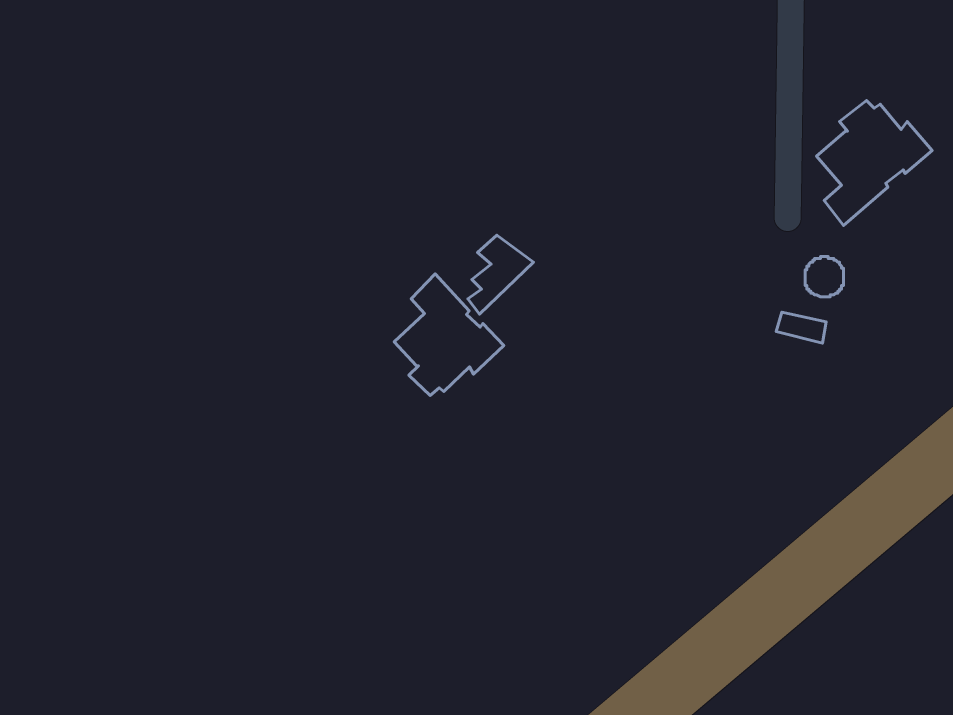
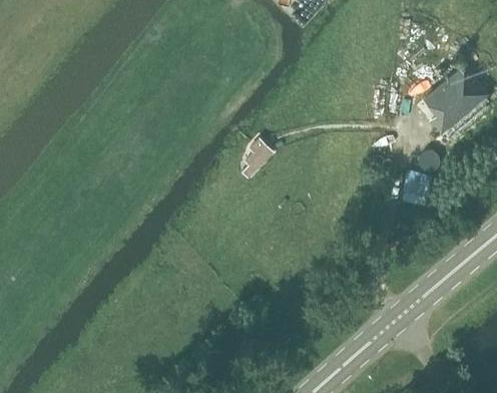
building: [394,274,504,395] -> none

